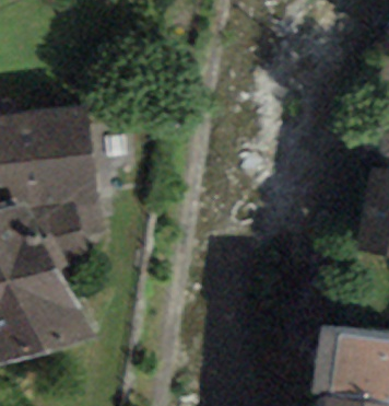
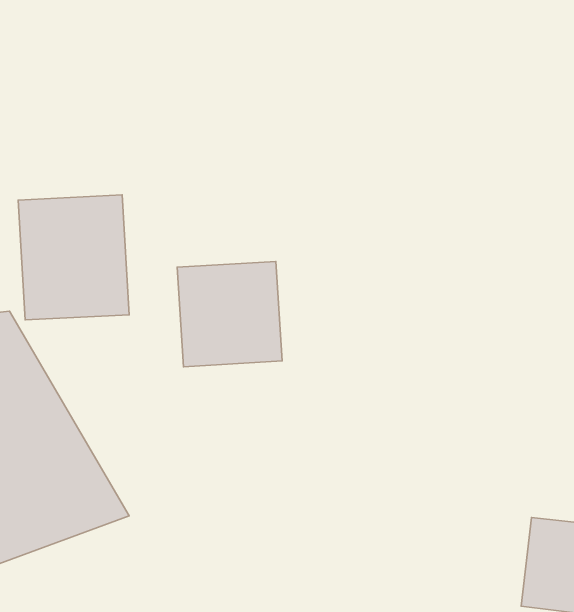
building: none -> [177,262,282,367]

